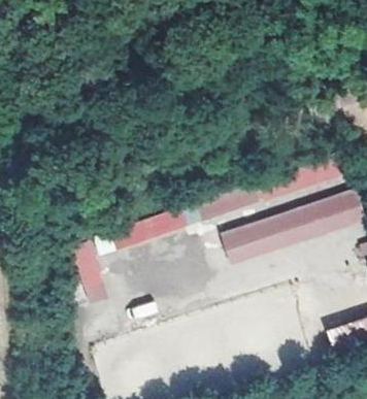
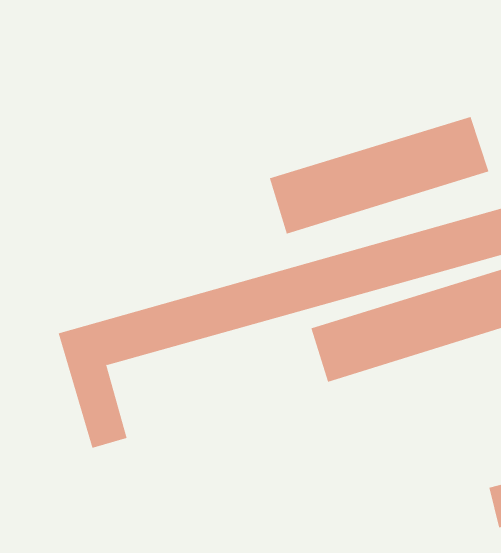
building: none -> [269,116,489,234]

